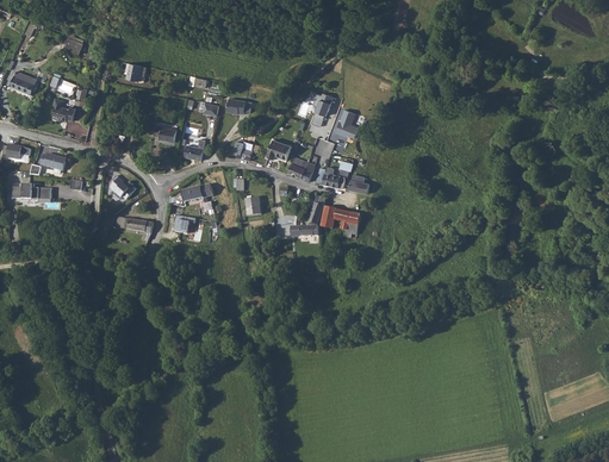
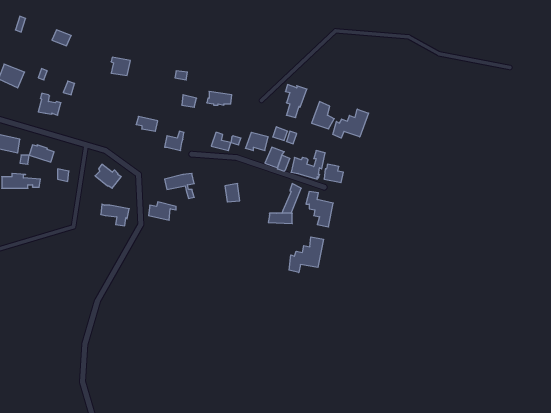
building: none -> [333,109,369,138]
building: none -> [289,237,323,273]

